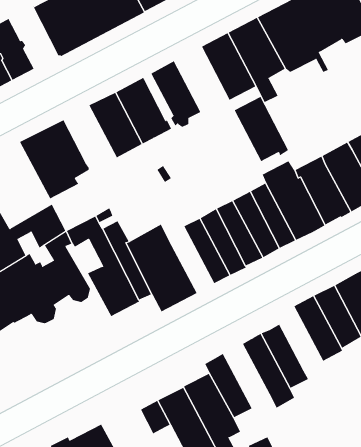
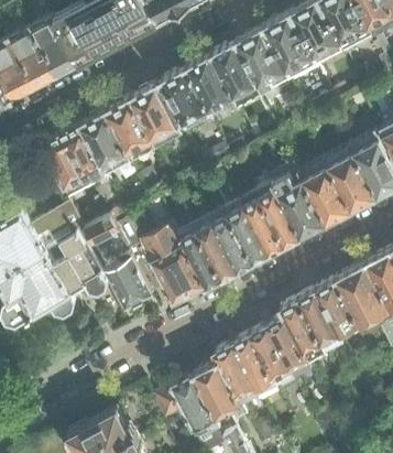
building: none -> [31,18,77,77]
building: [234,96,289,162] -> [186,56,238,118]
building: none -> [83,111,132,174]
building: none -> [182,230,223,288]
building: none -> [281,300,326,360]
building: none -> [232,335,277,396]

